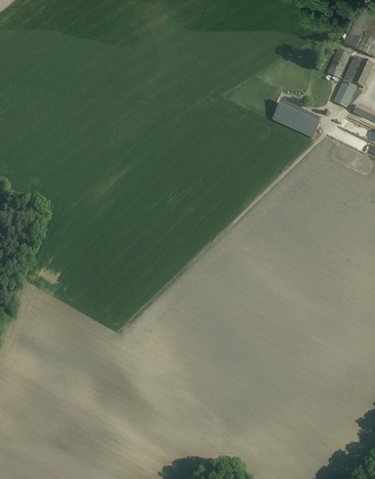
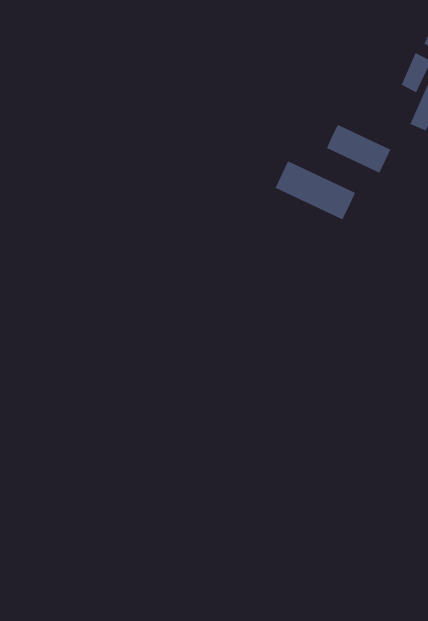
building: none -> [275,160,356,220]

